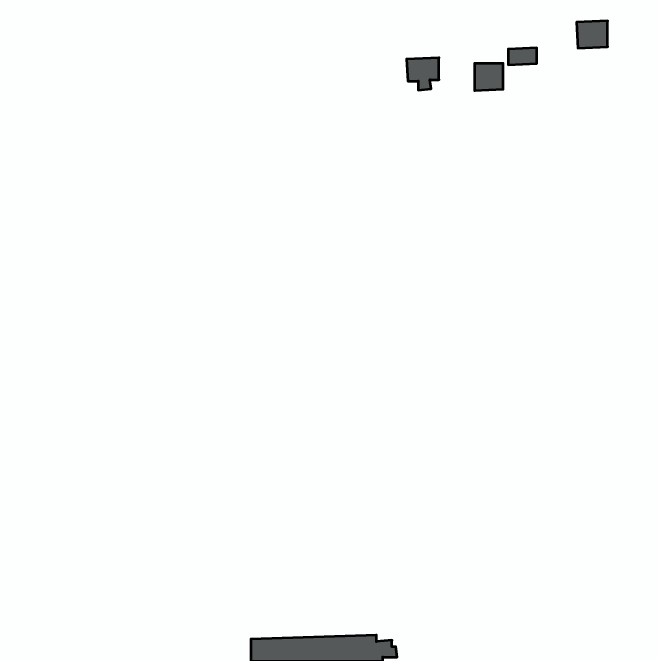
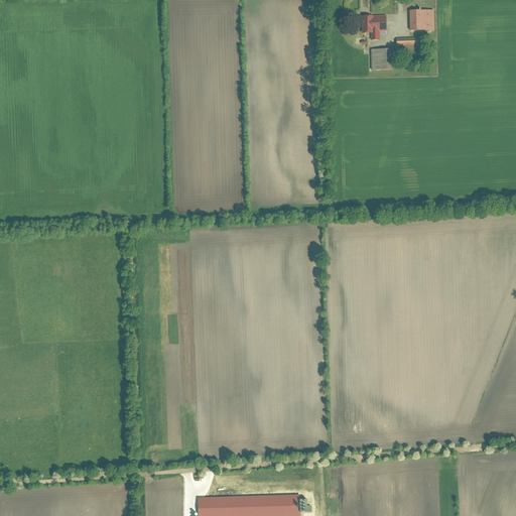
building: [577,21,608,48] -> [409,10,433,31]
building: [407,58,439,90] -> [360,15,385,40]

